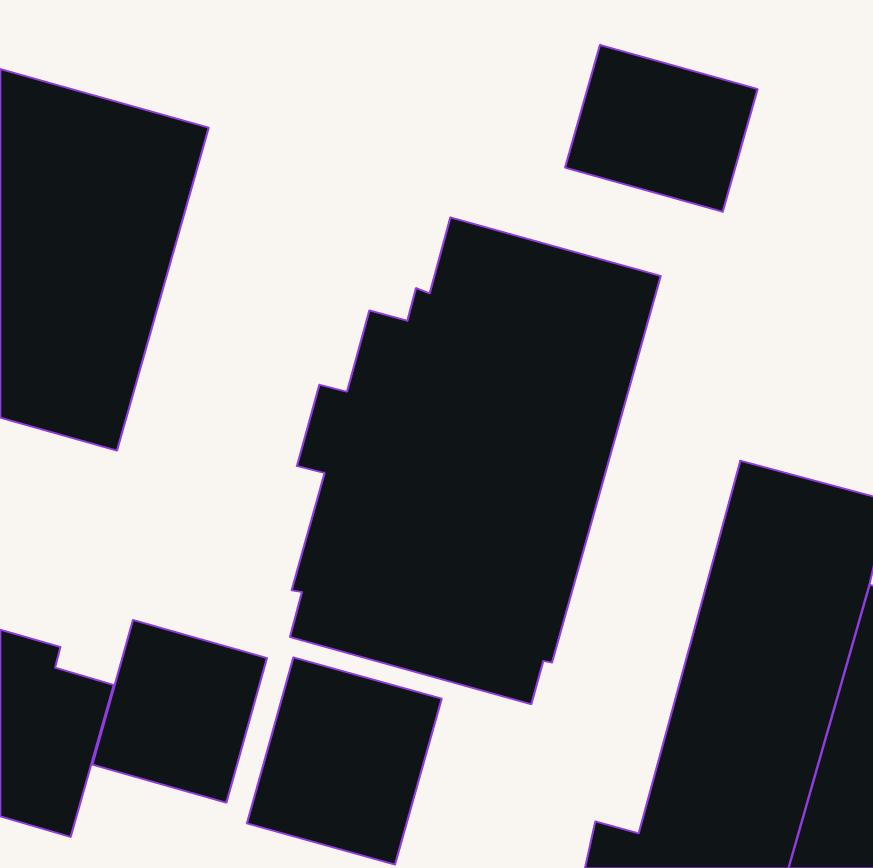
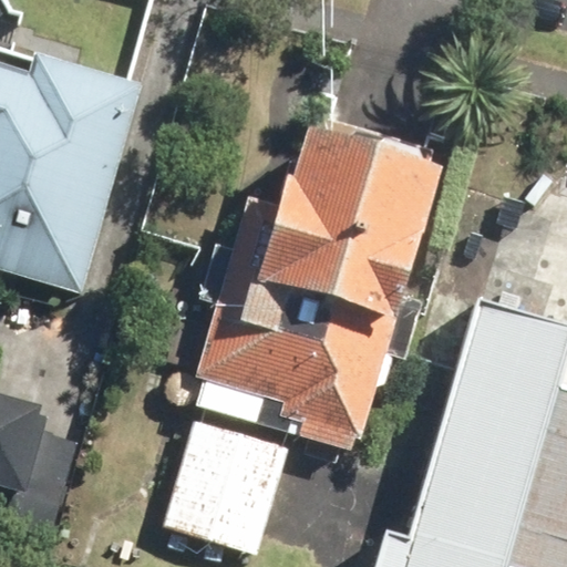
building: [565,45,757,212] -> none
building: [92,620,267,803] -> none

